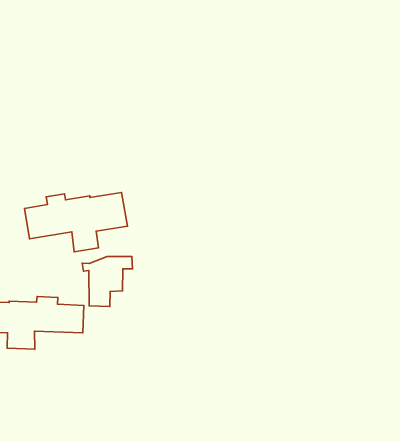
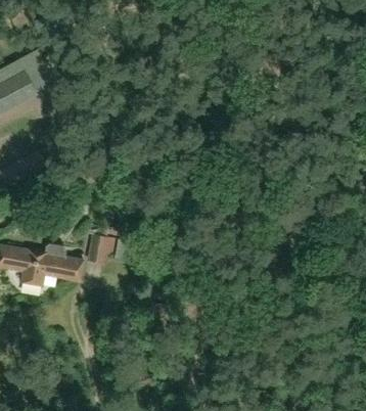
building: [24,193,128,252] -> none

